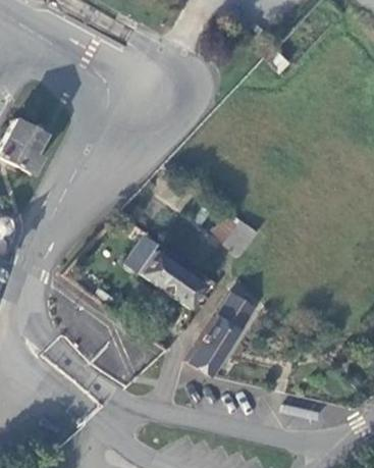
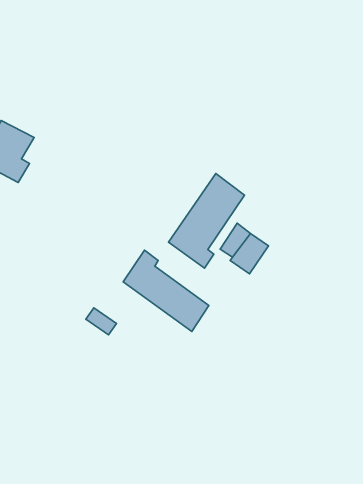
building: none -> [169,173,245,268]
building: [189,292,257,376] -> none

